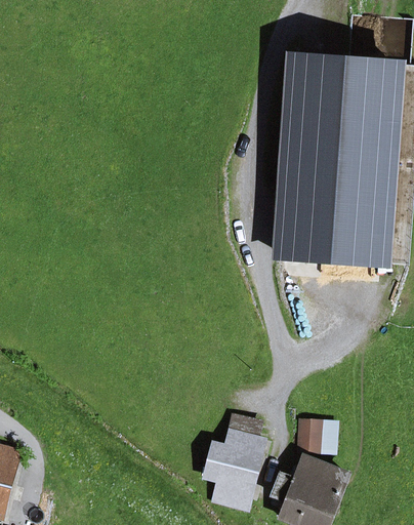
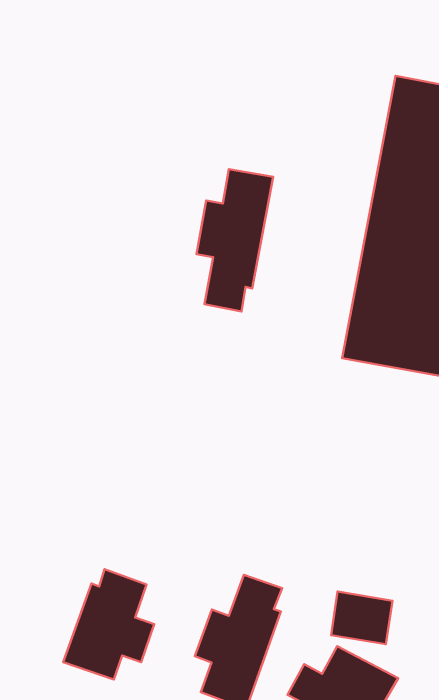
building: none -> [196,169,273,312]
building: none -> [63,569,154,680]

